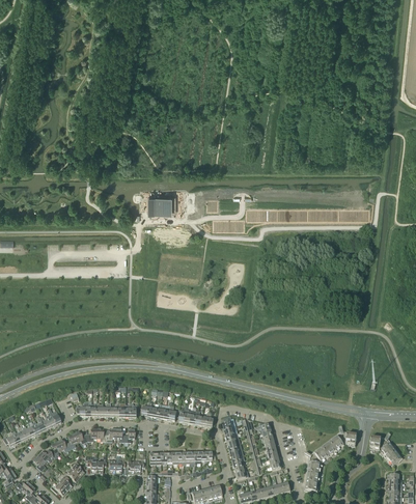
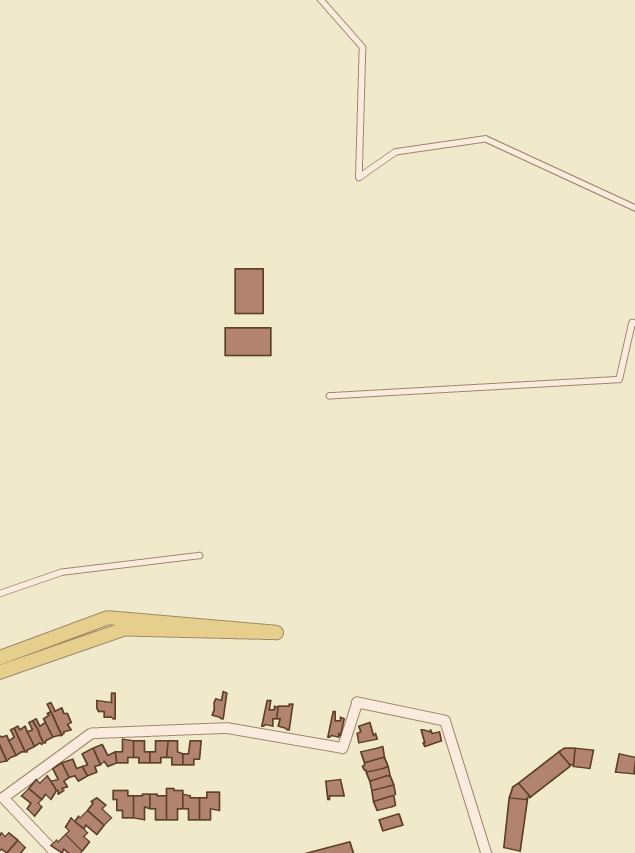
building: none -> [235,269,263,313]

